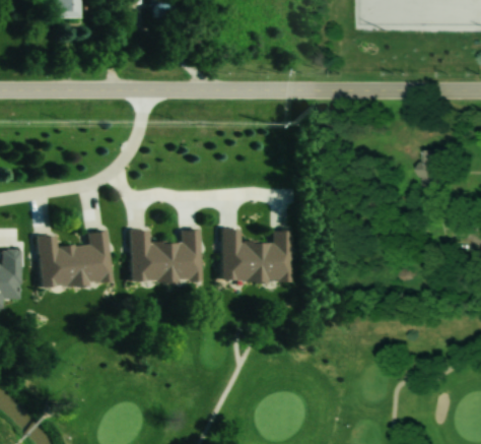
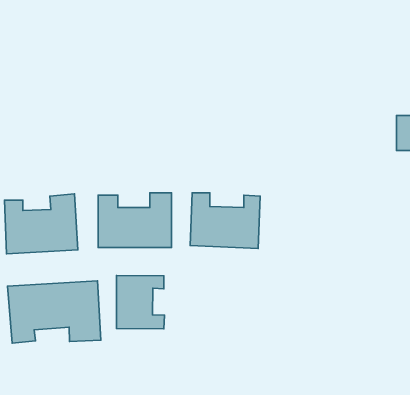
building: none -> [117,276,164,329]
building: none -> [8,281,101,343]

